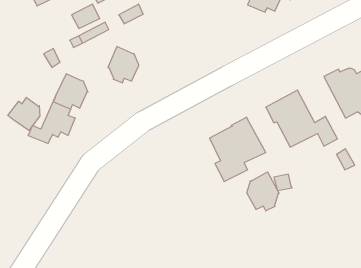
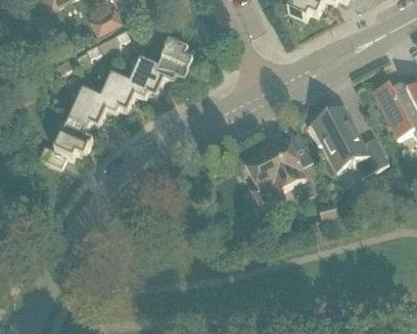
building: none -> [158,39,193,80]
building: none -> [100,69,135,110]
building: [8,97,40,130] -> none
building: [247,172,279,211] -> none

